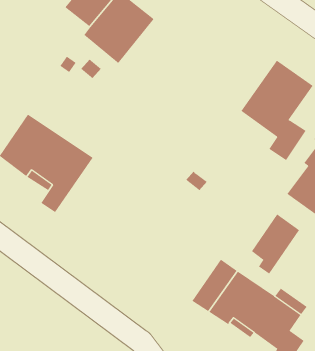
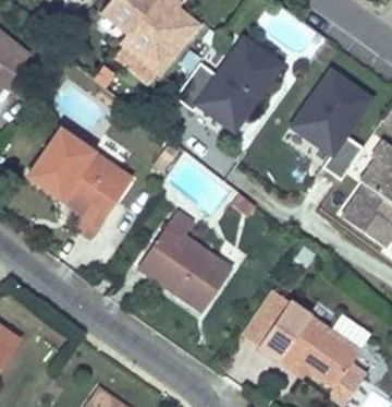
building: none -> [176,38,282,123]
building: none -> [138,208,232,309]
building: [251,214,300,274] -> none

